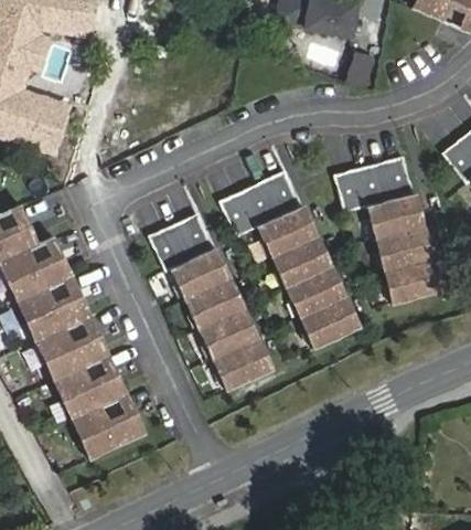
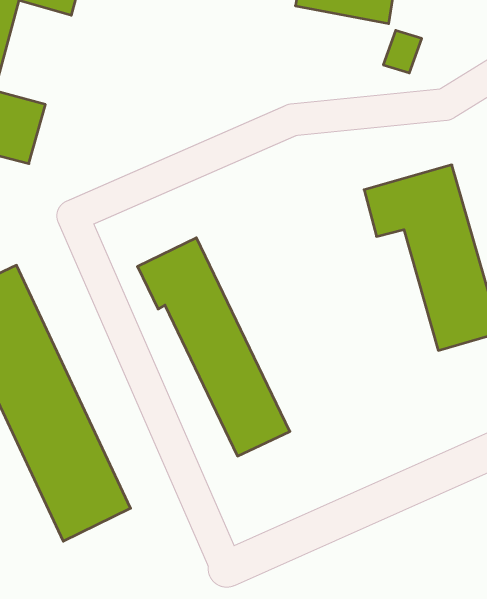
building: [221,172,357,347] -> none

